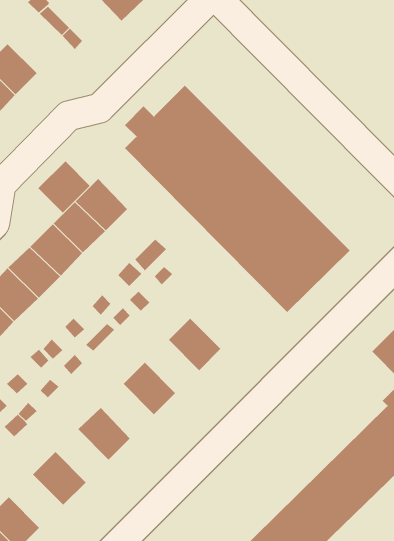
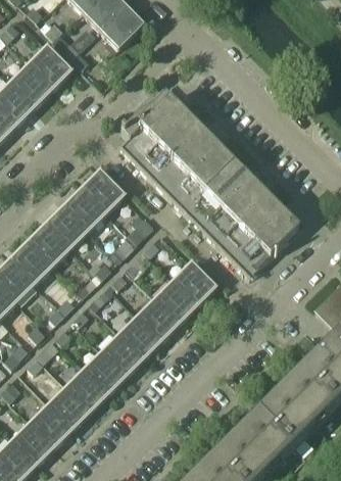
building: none -> [29,45,70,87]
building: [38,160,91,213] -> none
building: none -> [173,261,215,304]
building: none -> [137,297,180,339]
building: none -> [102,332,144,375]
building: none -> [66,368,108,410]
building: none -> [30,403,72,445]

